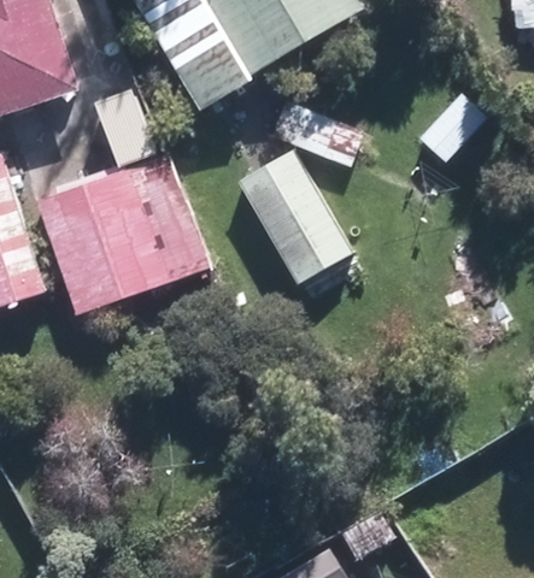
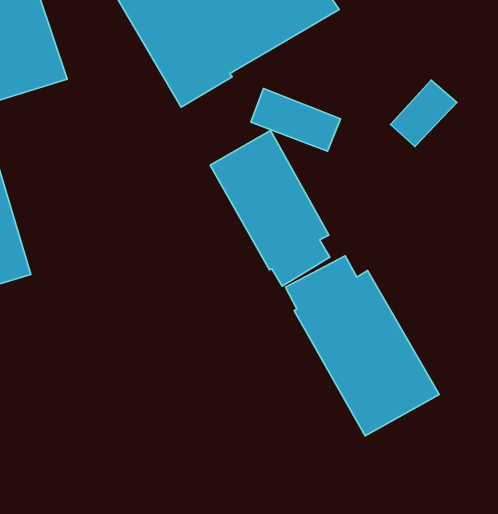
building: [34,152,209,313] -> none
building: none -> [285,256,439,436]

